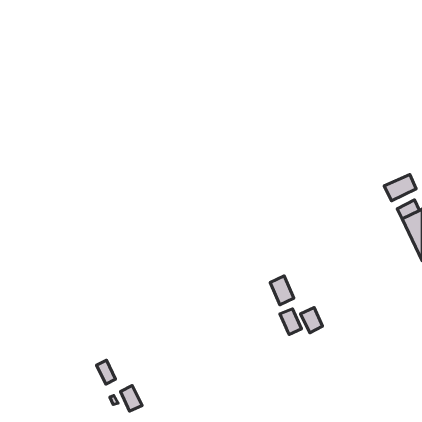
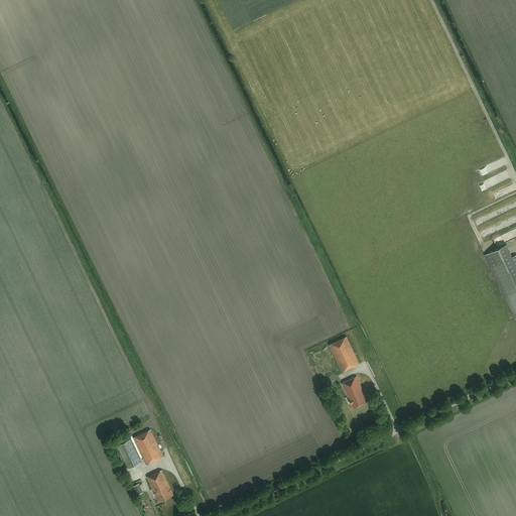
building: [384,174,416,201] -> none
building: [301,308,323,333] -> none
building: none -> [133,429,163,466]

